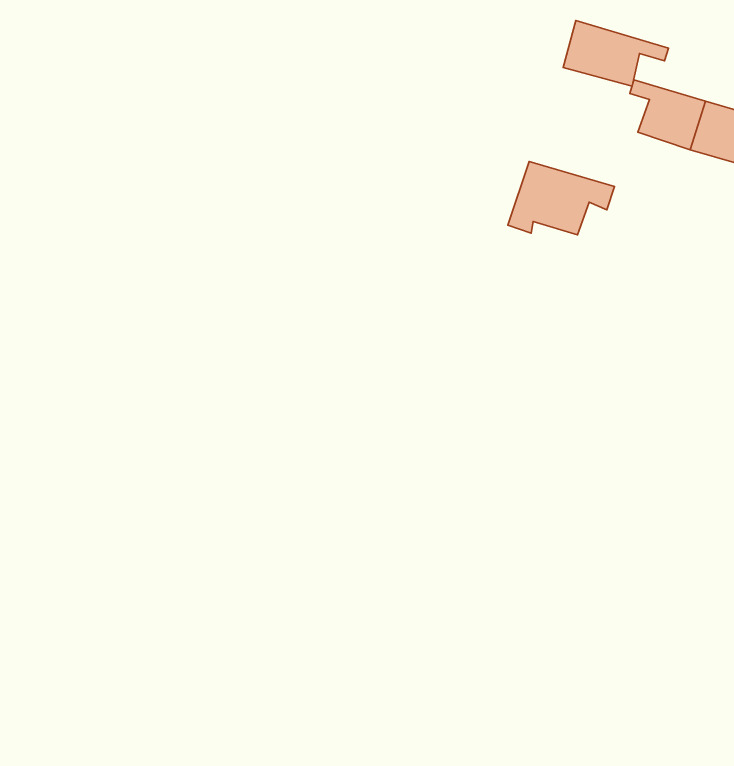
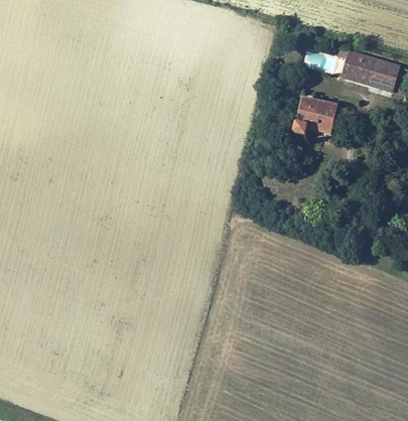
building: [563,21,669,86] -> none

